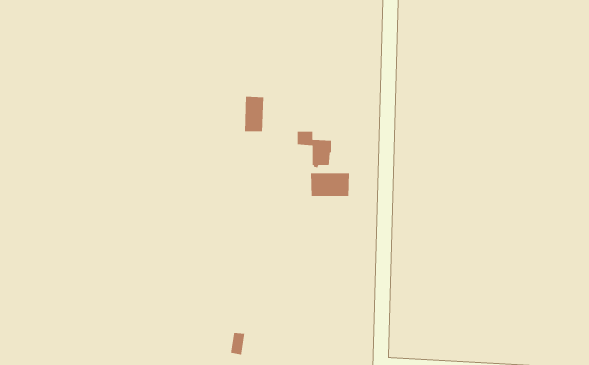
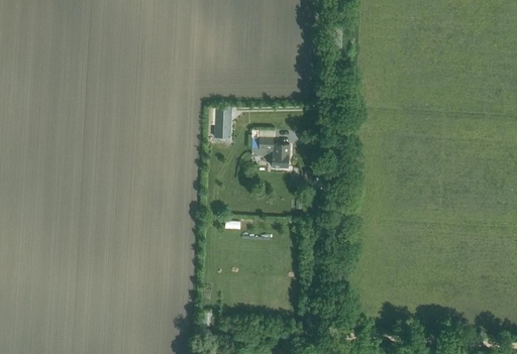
building: [310,172,350,197] -> none

